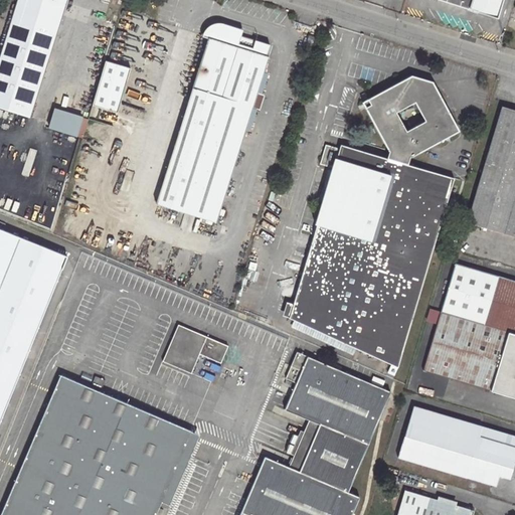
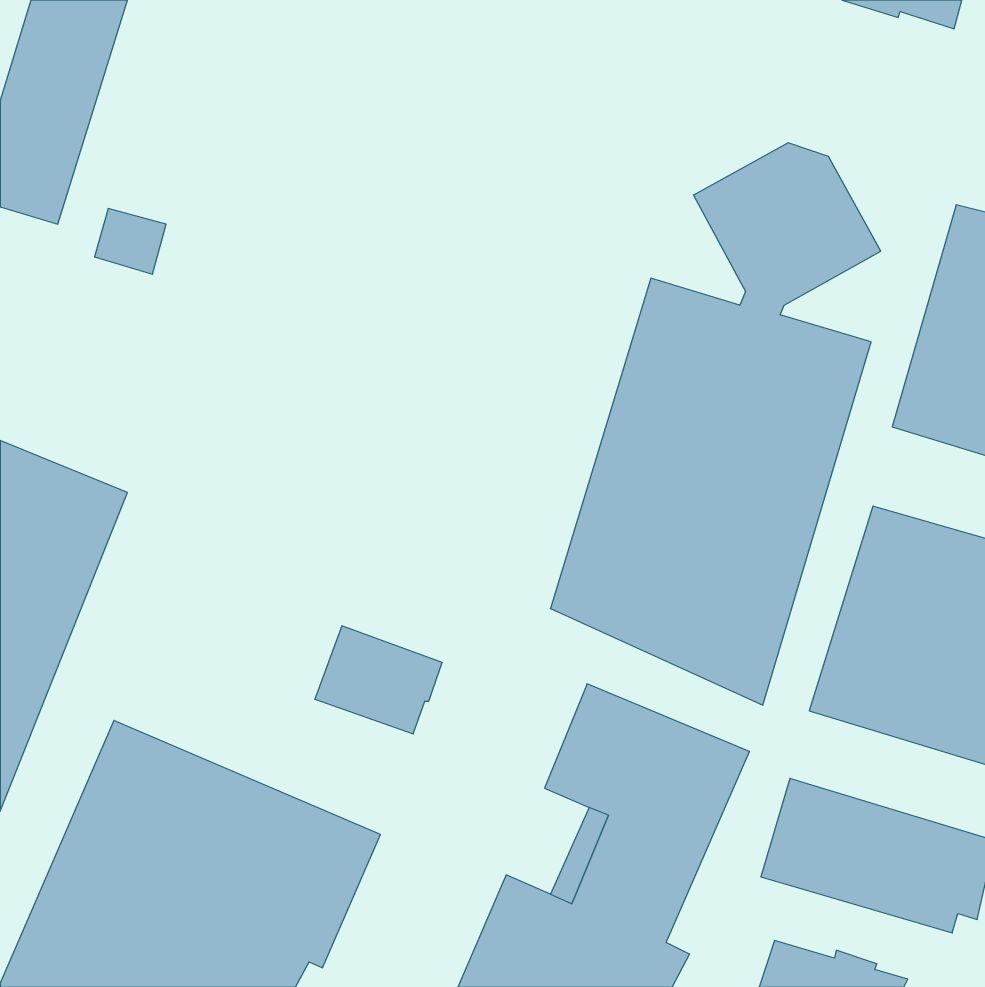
building: [156,26,270,222] -> none
building: [93,62,130,114] -> none

